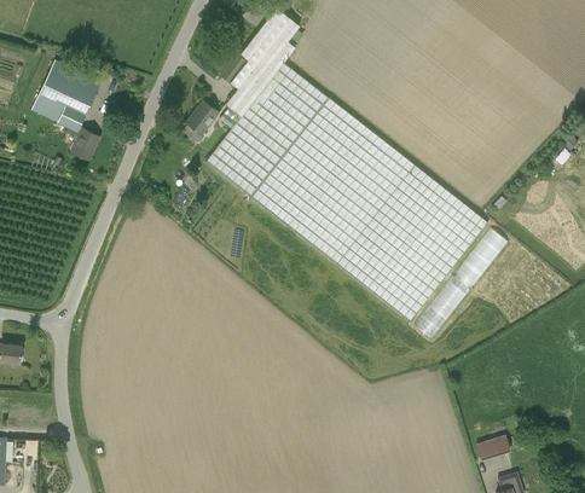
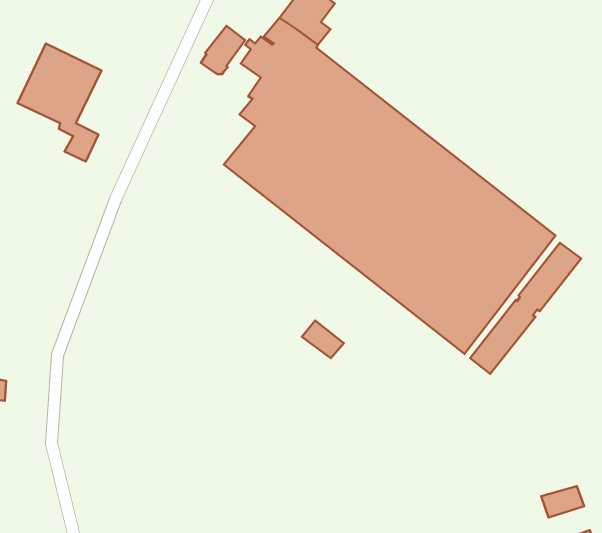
building: [181,100,219,141] -> [201,26,245,74]
building: none -> [302,320,344,358]

